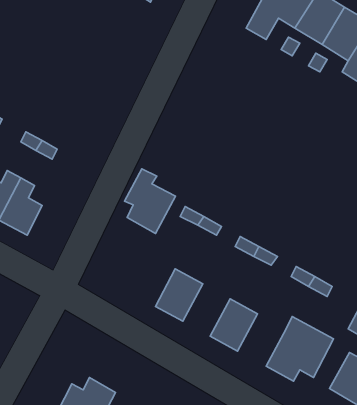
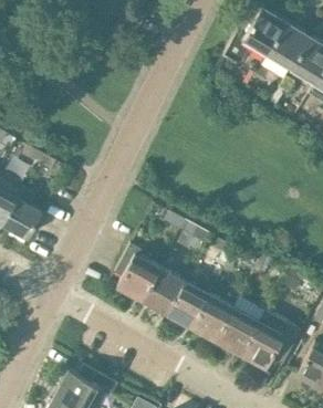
building: [125,169,176,234] -> [114,244,159,302]
building: none -> [166,282,208,328]
building: none -> [215,308,258,355]

